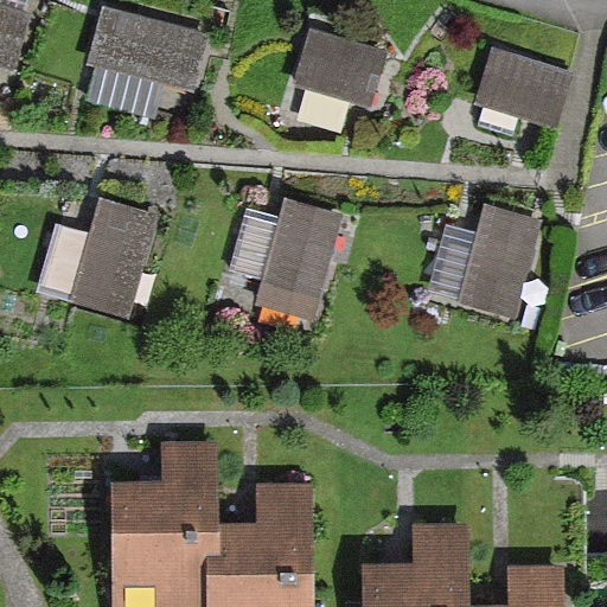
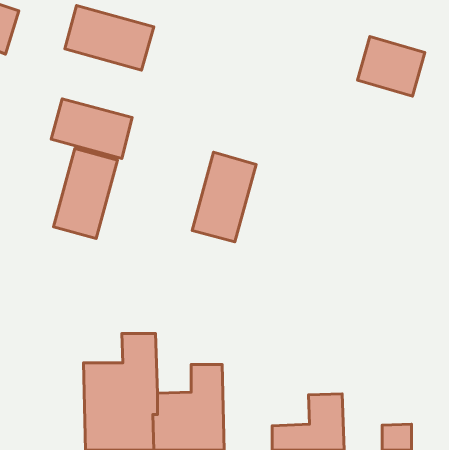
building: [286,27,384,114] -> none
building: none -> [51,99,132,158]
building: [458,203,543,321] -> none

